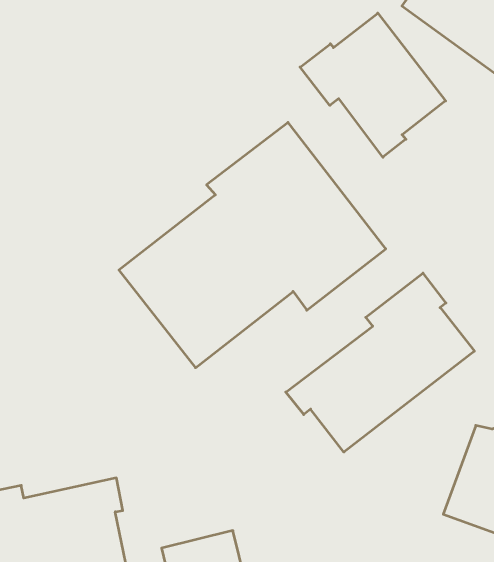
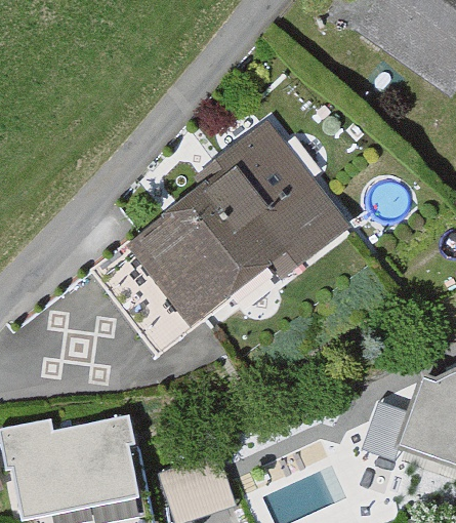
building: [300,13,446,157] -> none
building: [286,273,474,452] -> none

